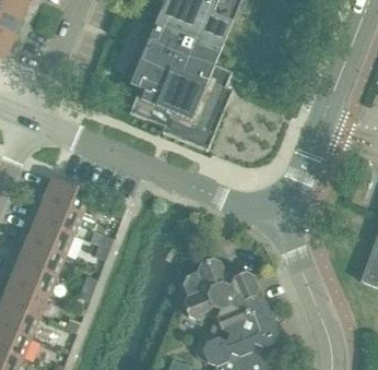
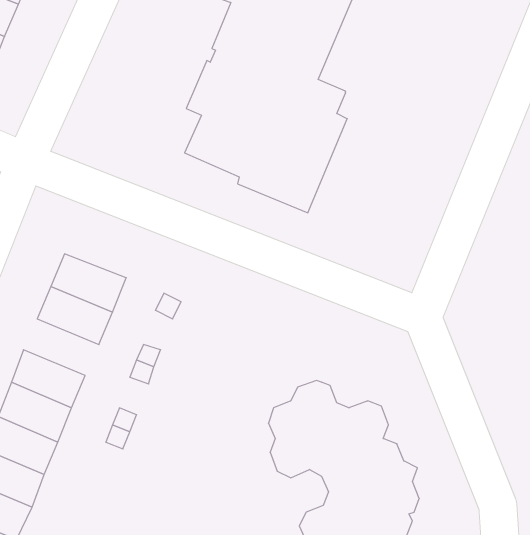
building: [25,216,73,252] -> none

